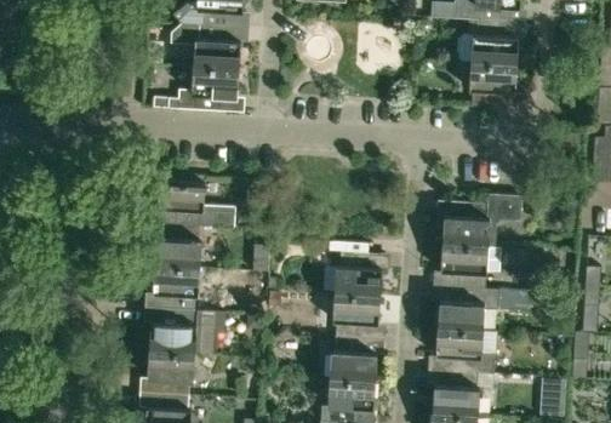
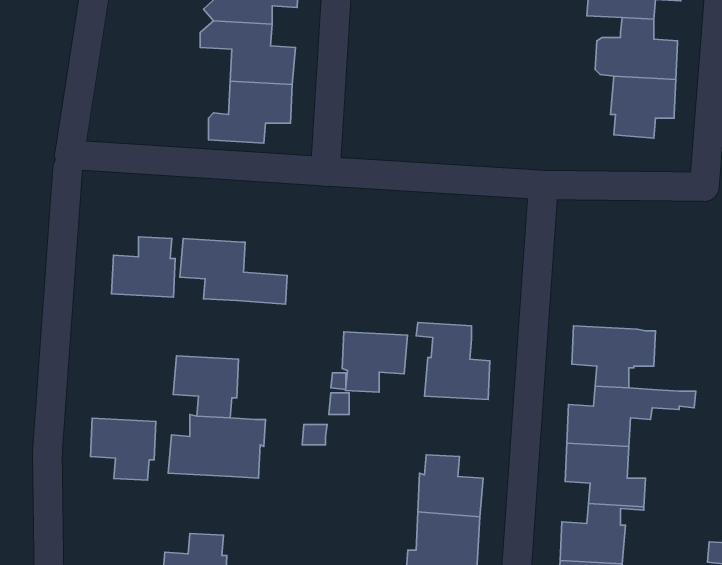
building: [442,194,521,247] -> none
building: [155,224,201,268] -> [112,237,175,297]
building: [333,295,381,338] -> [342,332,408,392]
building: [148,350,195,395] -> [90,418,156,480]

